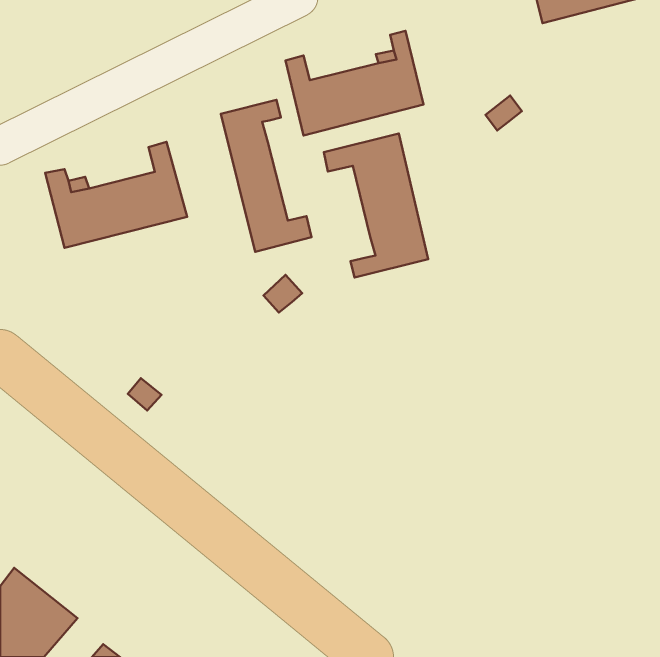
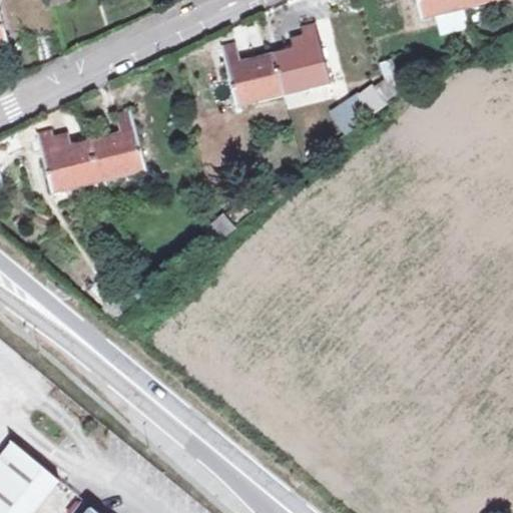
building: [221,100,311,252] -> none
building: [324,133,428,277] -> none

